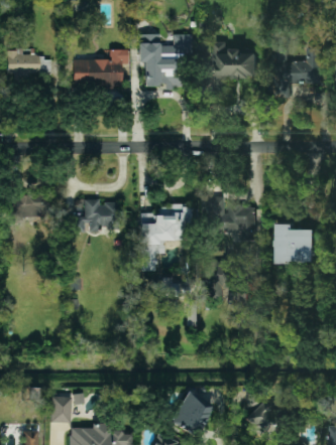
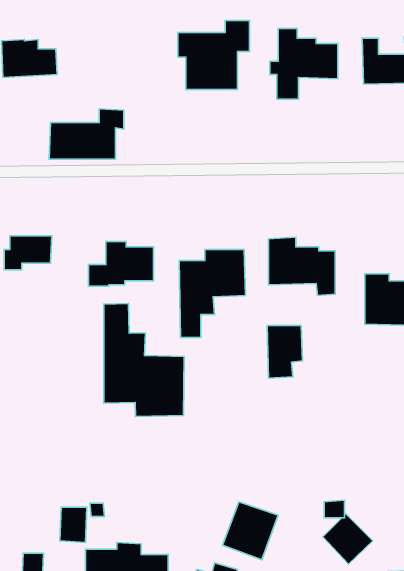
building: [72,49,127,87] -> [49,109,124,159]
building: none -> [104,304,184,416]

